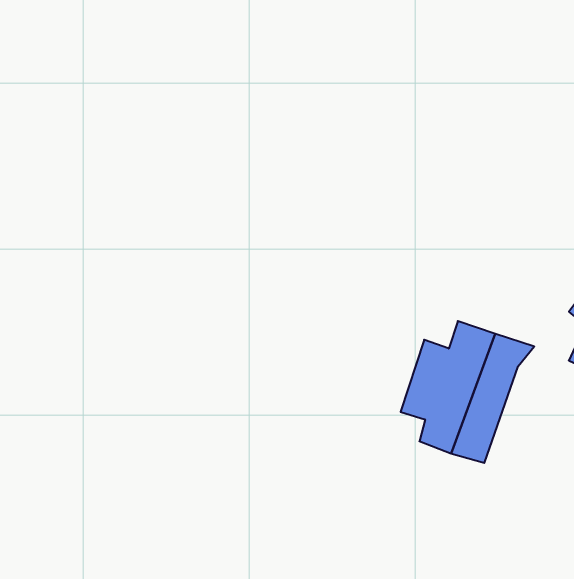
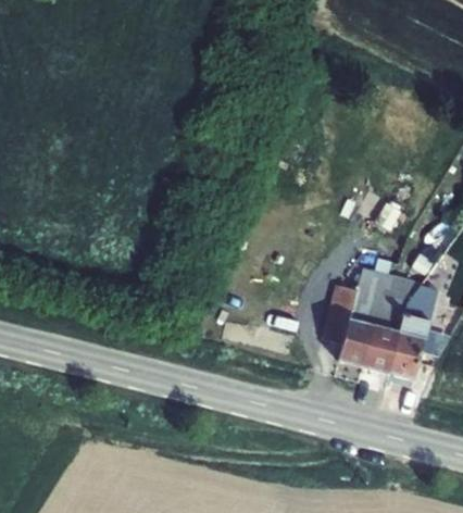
building: none -> [391,283,440,377]

